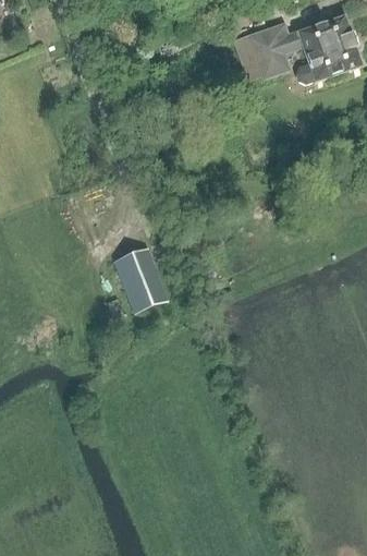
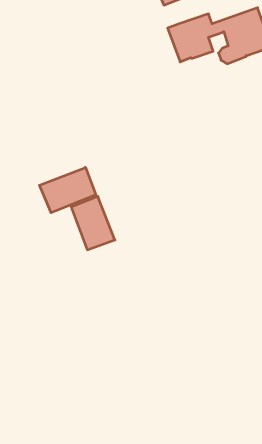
building: none -> [39,167,96,213]

